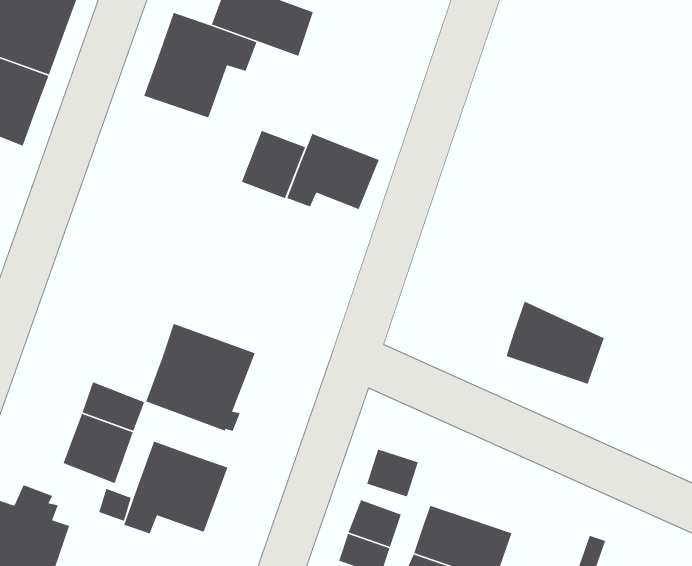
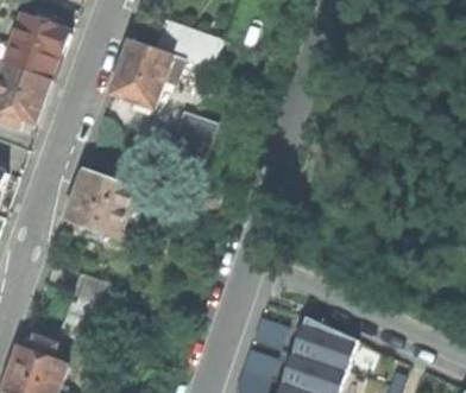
building: [286,133,380,210] -> none
building: [506,300,605,385] -> [292,316,355,369]
building: [145,323,256,432] -> [64,169,134,237]
building: [123,440,228,534] -> none

